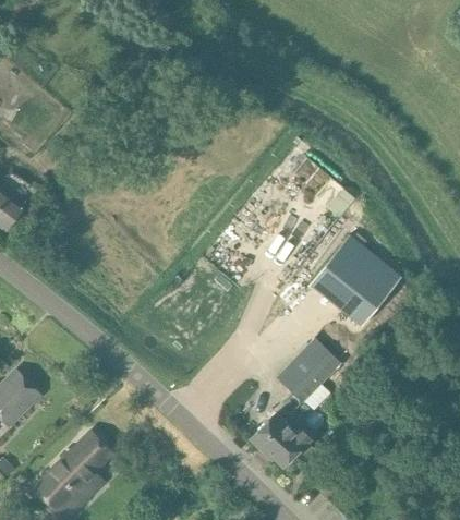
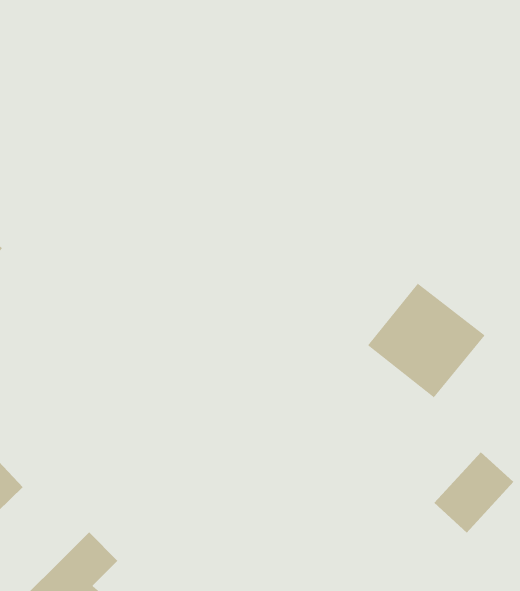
building: [278,336,341,400] -> [433,451,514,533]
building: [251,412,311,467] -> none

